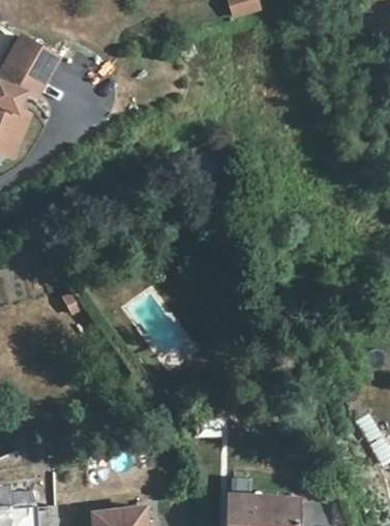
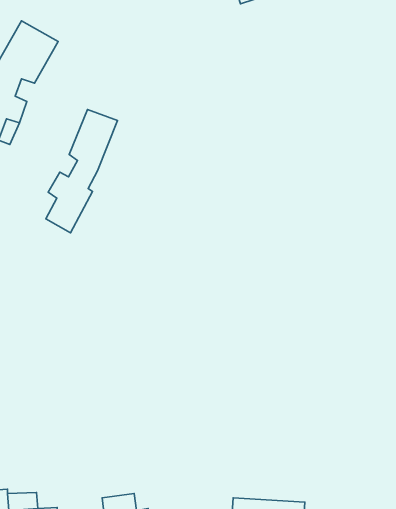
building: none -> [46,109,117,233]

